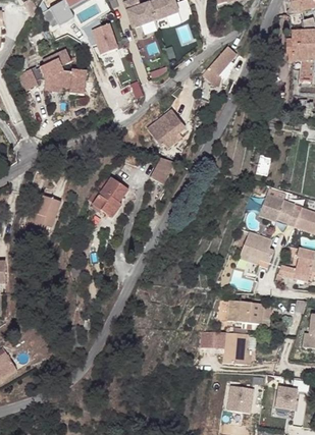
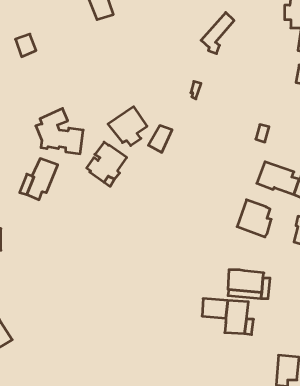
building: [40,49,87,94] -> [36,108,83,154]
building: [146,110,185,149] -> [108,107,147,146]
building: [228,384,254,411] -> none

